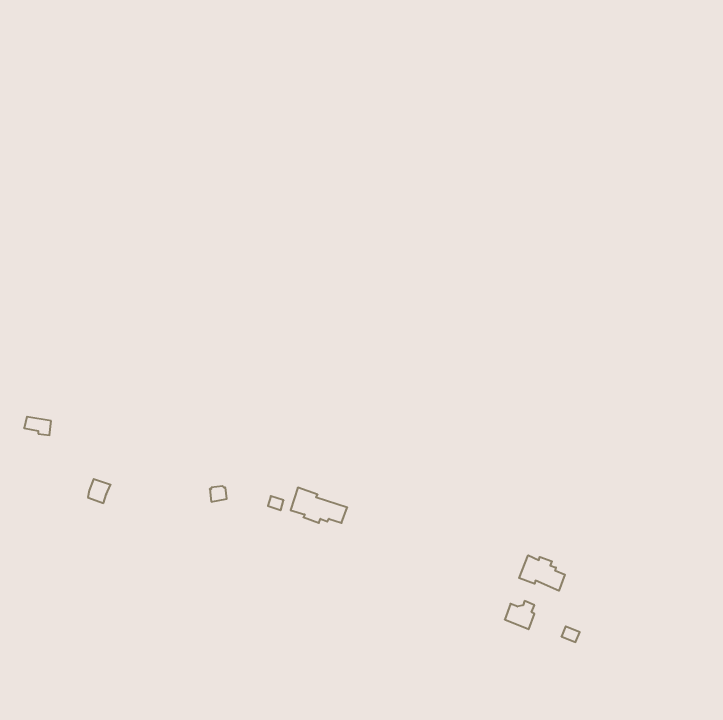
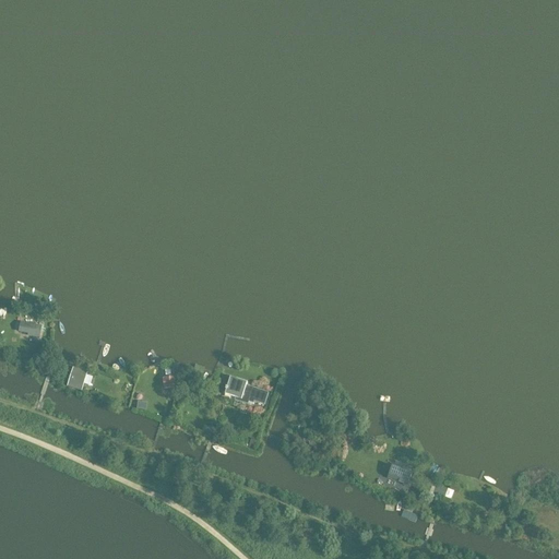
building: [519,555,565,591] -> none

